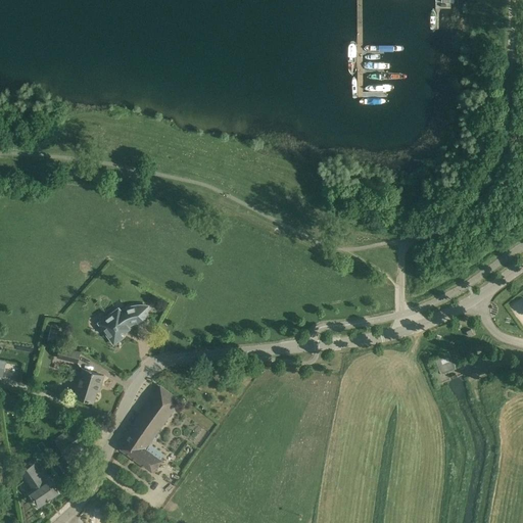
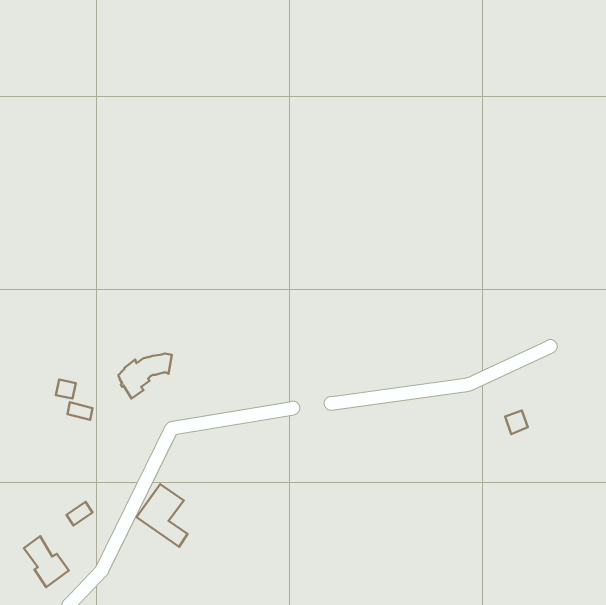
building: [74,368,104,401] -> none
building: [138,387,178,431] -> none

